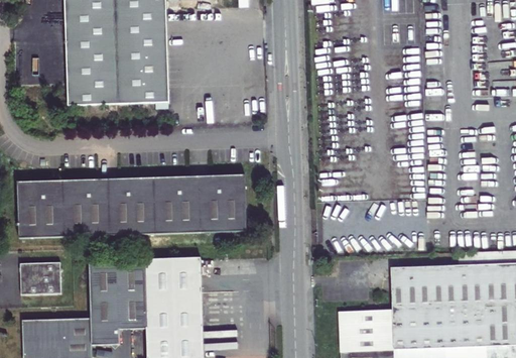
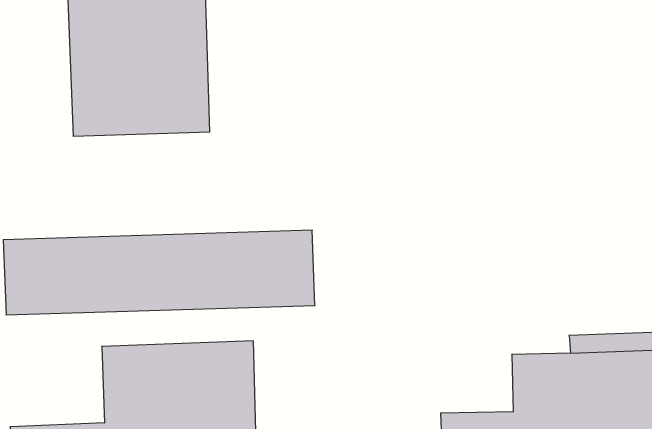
building: [19,262,60,295] -> none

